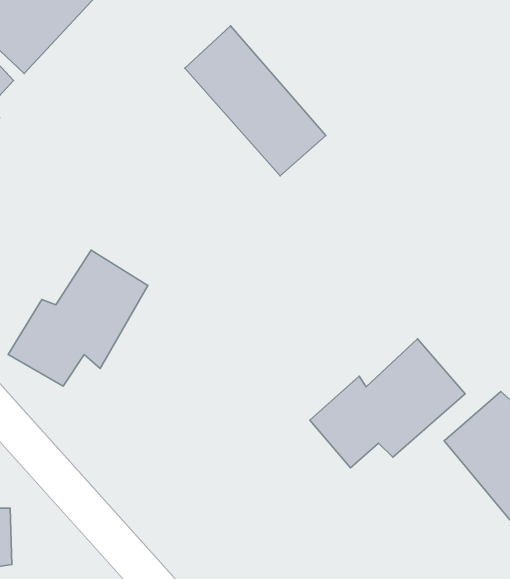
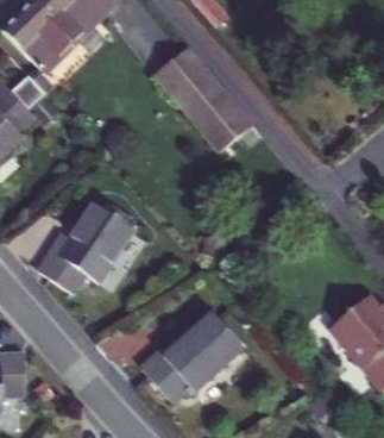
building: [310,339,465,468] -> [138,304,243,390]

